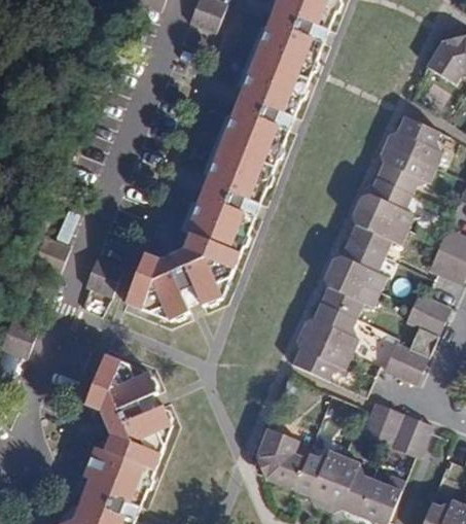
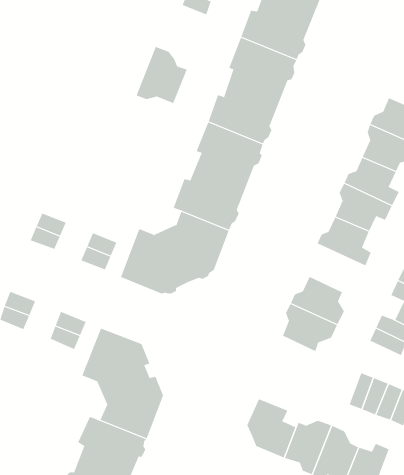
building: none -> [136,46,187,104]
building: [321,268,380,318] -> none

